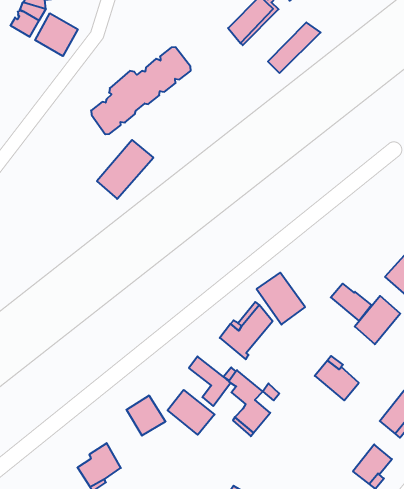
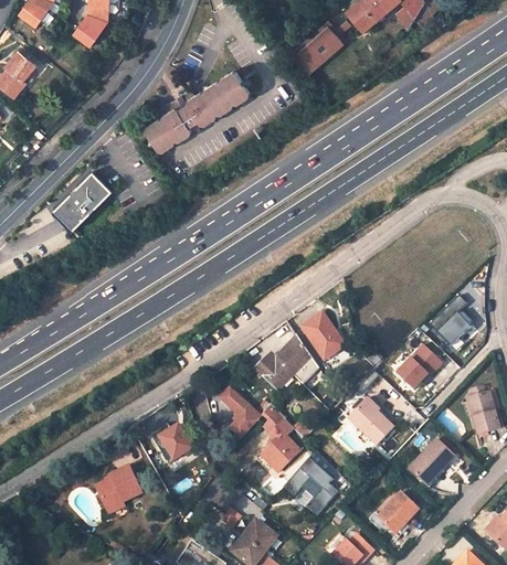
building: [35,13,78,56] -> none
building: [268,22,321,73] -> none
building: [97,140,153,199] -> [52,172,112,231]
building: [331,284,371,321] -> none
building: [168,390,215,435] -> none
building: none -> [283,457,338,515]

